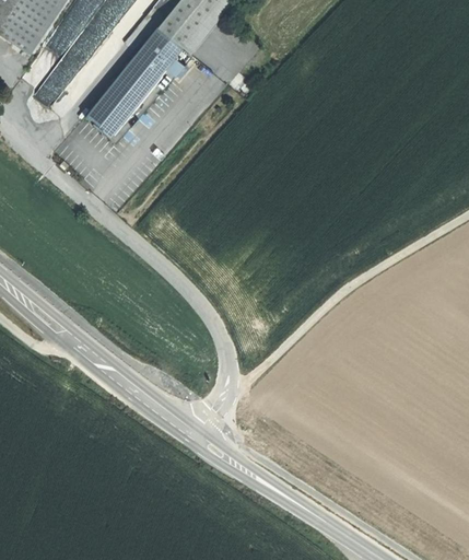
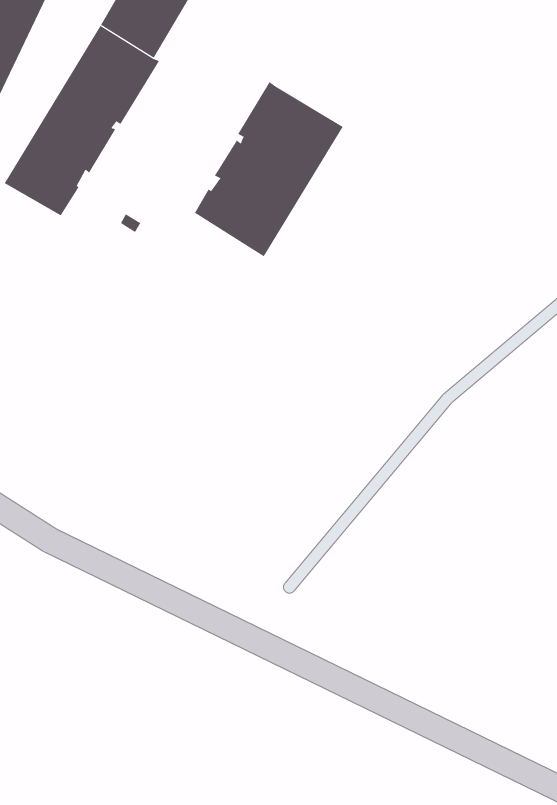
building: none -> [194,81,343,257]

